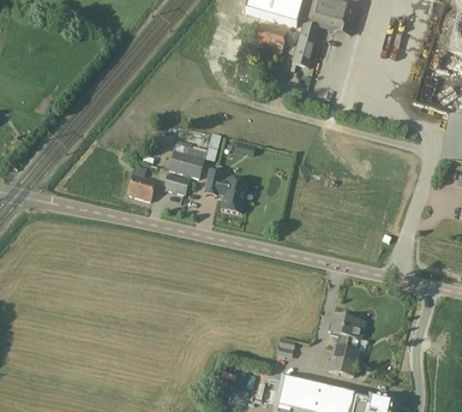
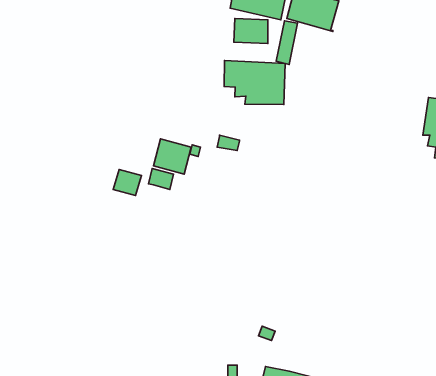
building: none -> [224,61,285,105]
building: [204,167,248,211] -> none
building: [329,311,367,375] -> none

